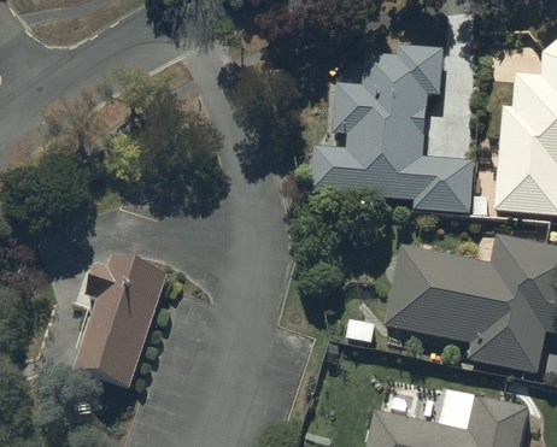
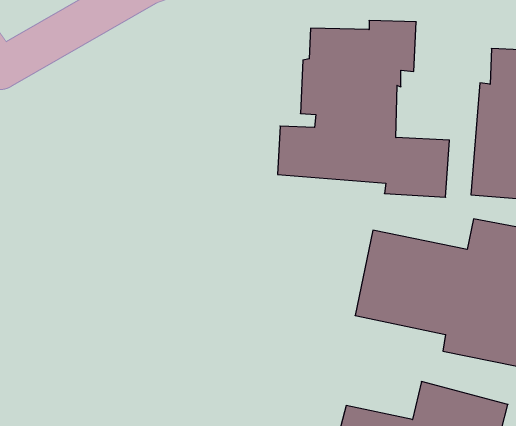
building: [77,255,170,386] -> none

